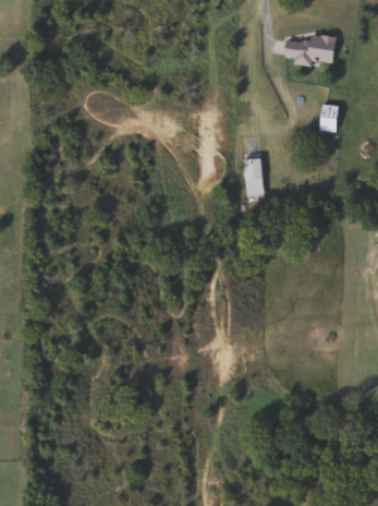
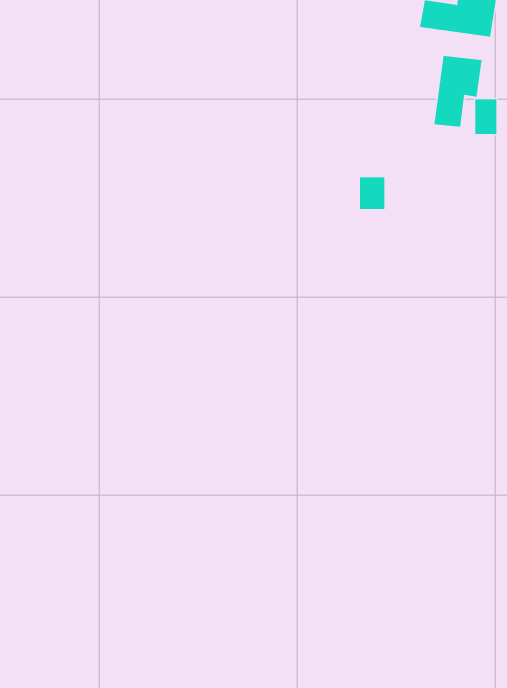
building: none -> [434,55,482,127]

